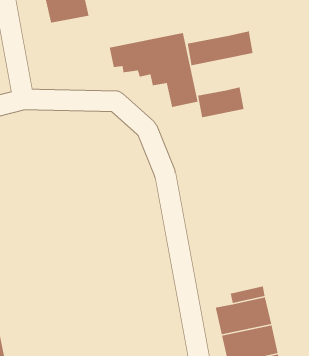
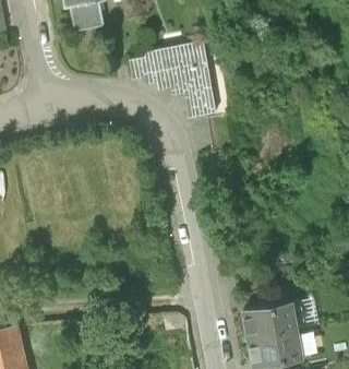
building: [187,31,254,66] -> none
building: [197,86,245,118] -> none

